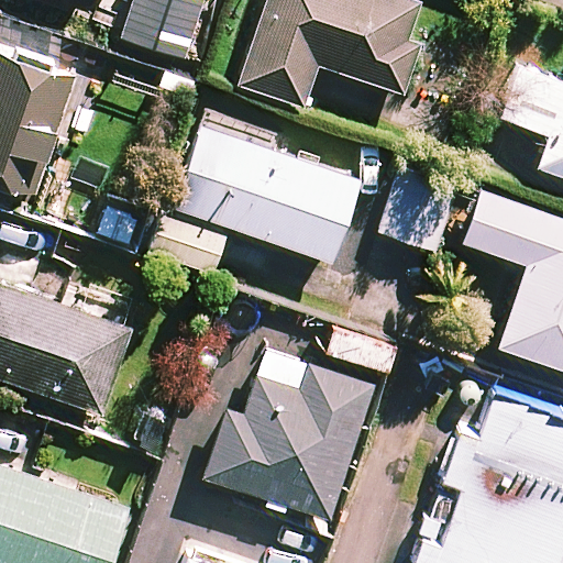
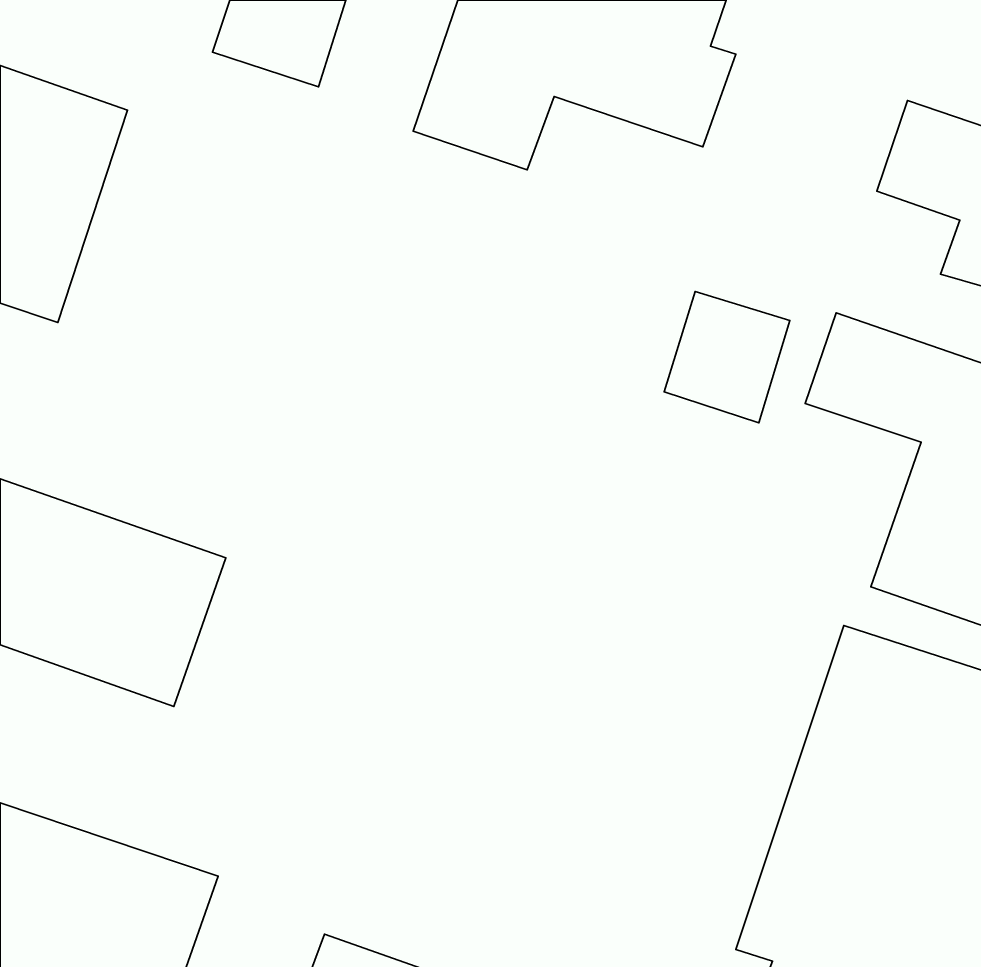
building: [157,125,360,274] -> none
building: [207,349,374,517] -> none

